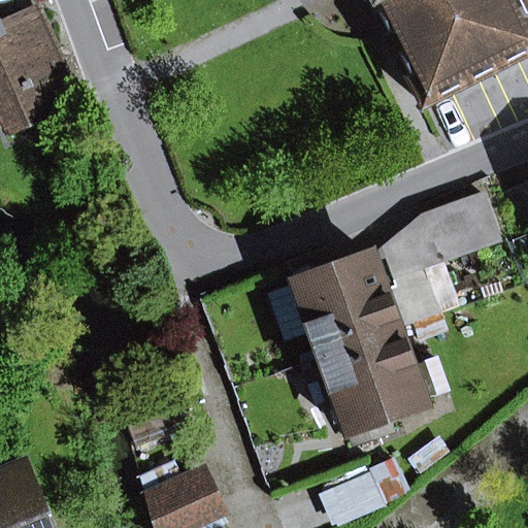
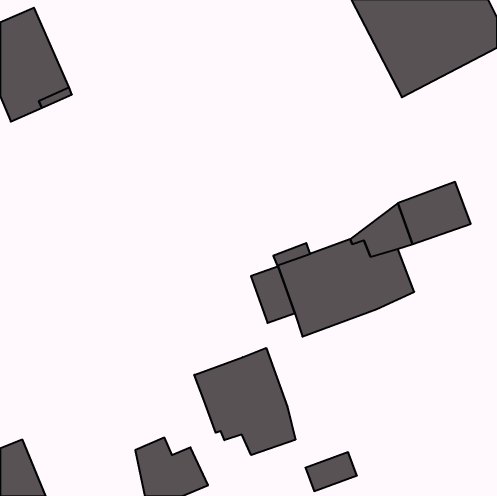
building: [321,328,448,436] -> none
building: none -> [194,348,295,455]

